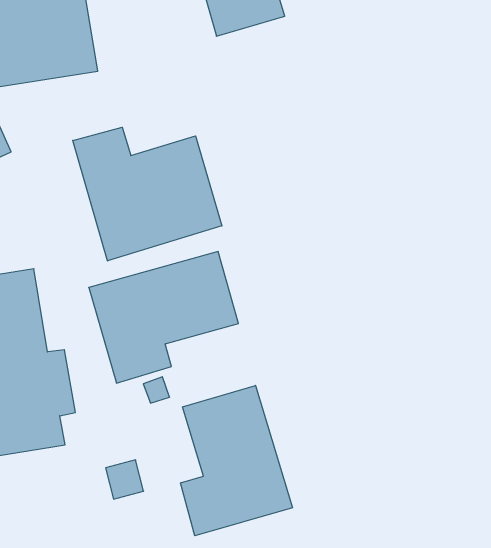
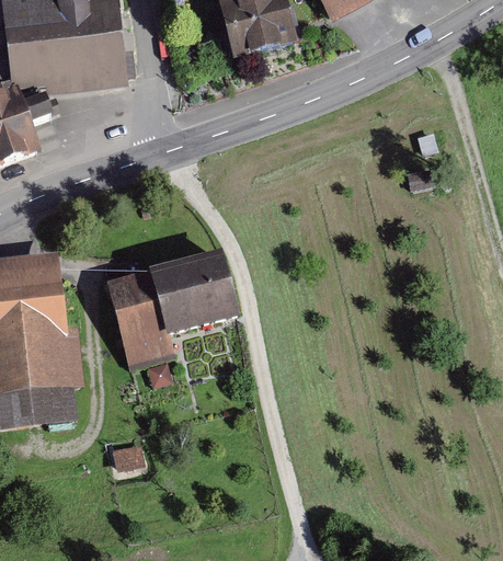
building: [73,127,222,261] -> none
building: [181,385,292,536] -> none

